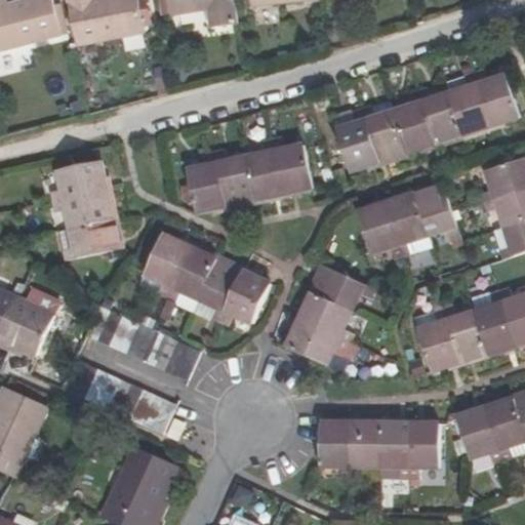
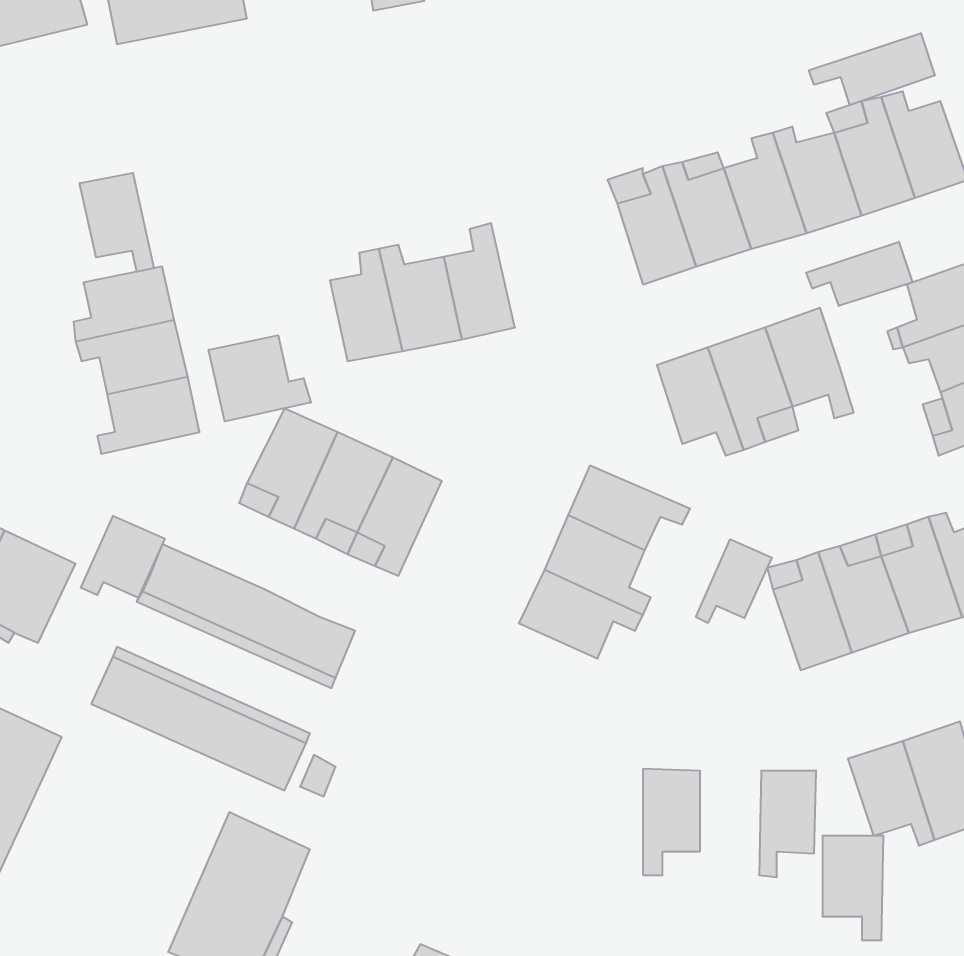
building: none -> [809,33,935,105]
building: none -> [80,173,154,272]
building: [271,136,312,193] -> none
building: none -> [806,242,912,306]
building: none -> [209,335,311,421]
building: [223,273,271,326] -> none
building: none -> [81,516,165,598]
building: none -> [696,539,772,623]
building: [321,422,350,478] -> none
building: [379,423,411,478] -> [822,836,884,940]

